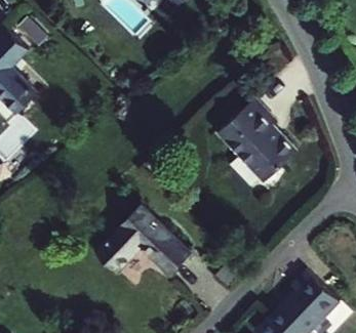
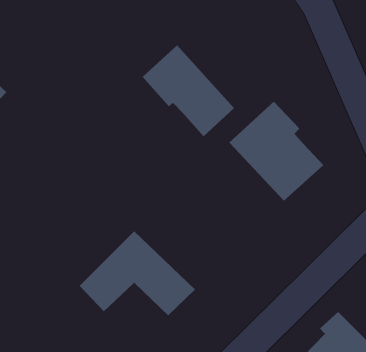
building: none -> [142,45,235,137]

